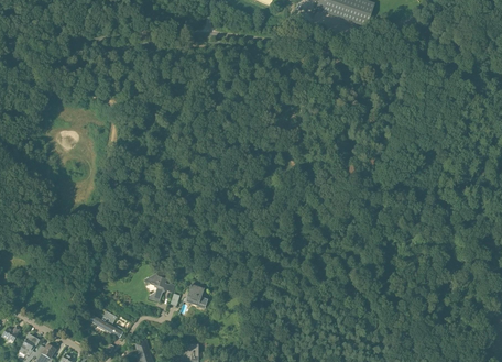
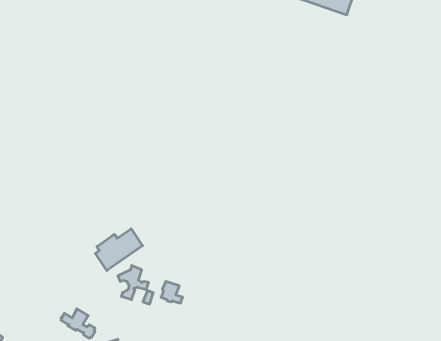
building: none -> [95,229,143,271]

